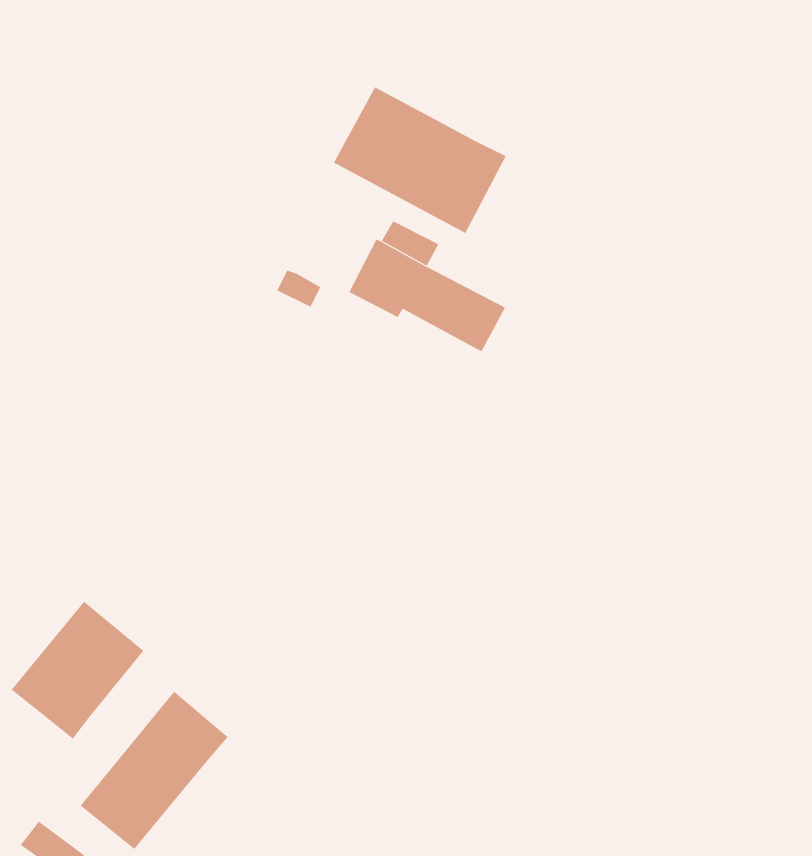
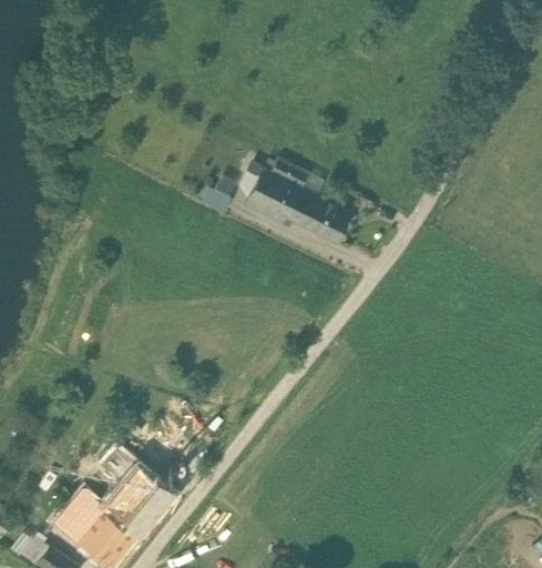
building: [333,86,506,234] -> none
building: [11,601,144,740] -> none

